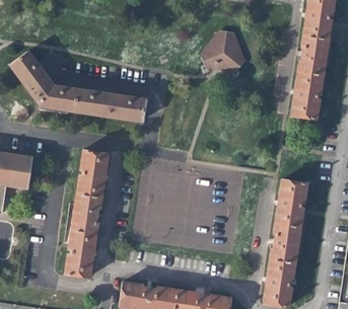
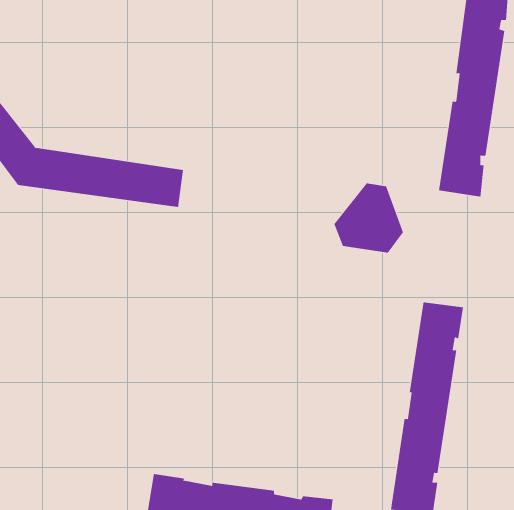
building: [204,30,246,72] -> [333,183,404,253]
building: [65,148,109,276] -> none

